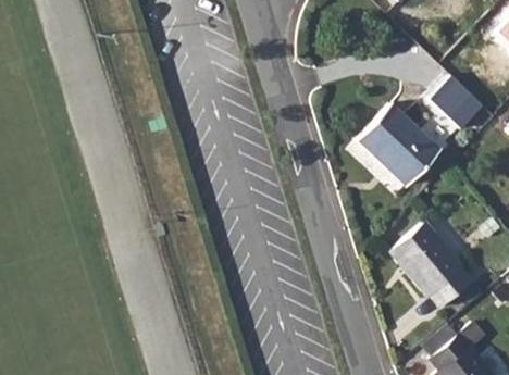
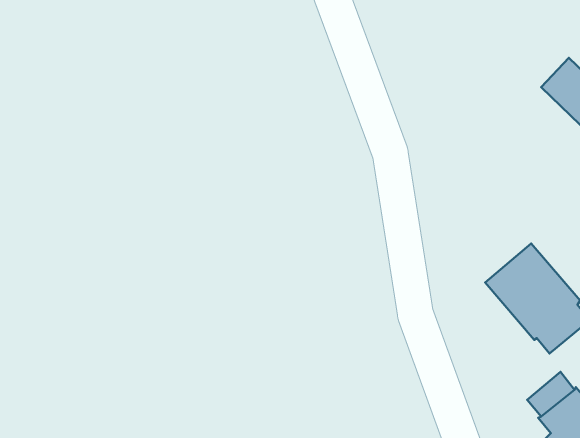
building: [358,102,440,184] -> none

